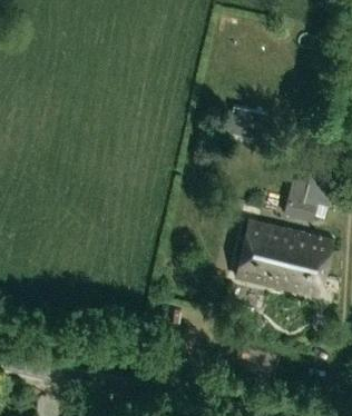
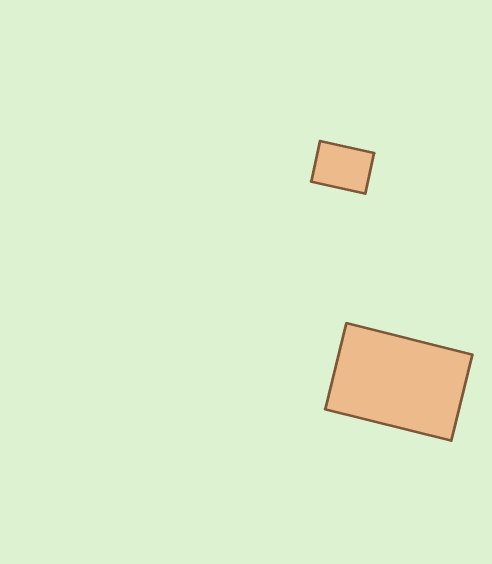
building: [284,177,332,220] -> none

